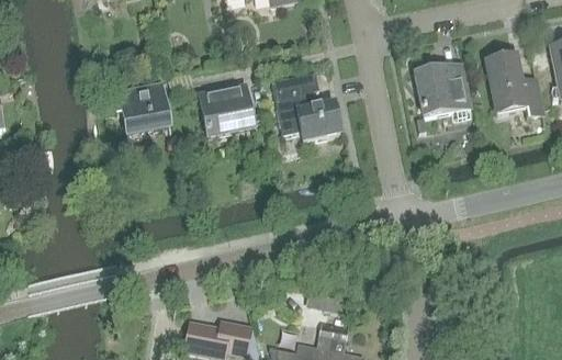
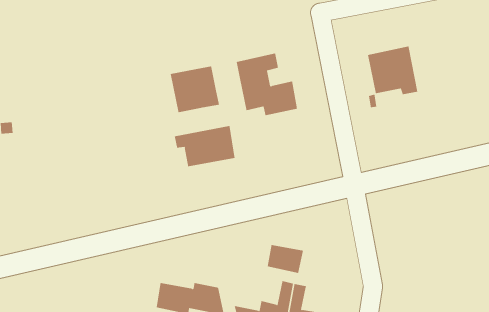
building: [484,53,541,116] -> none
building: [112,82,170,134] -> none
building: none -> [174,125,235,167]

